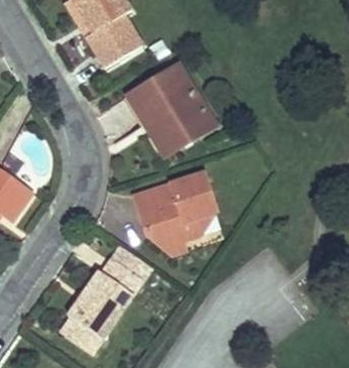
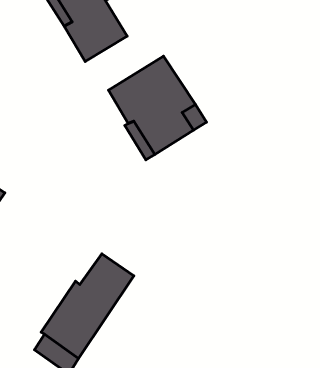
building: [136,172,215,254] -> none

